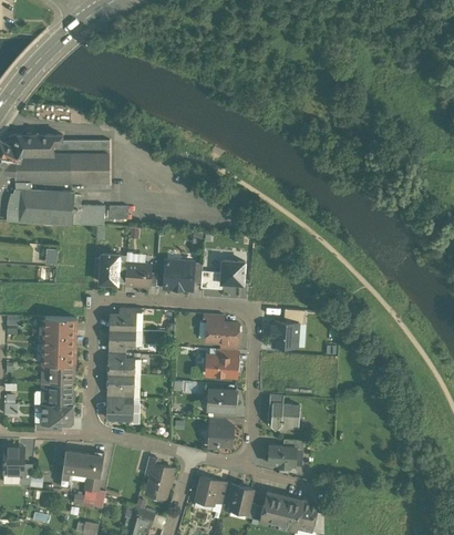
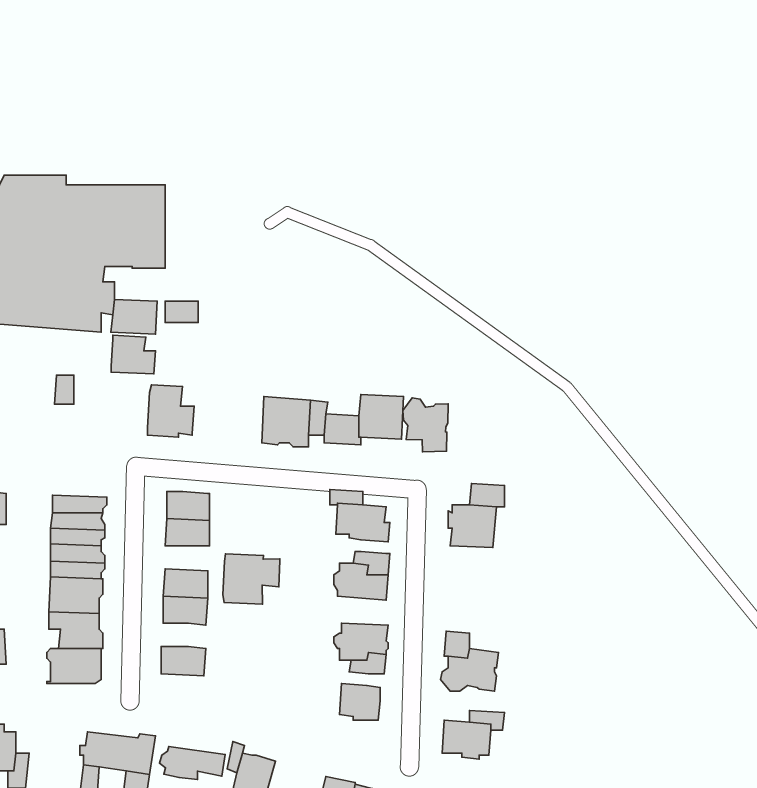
building: none -> [403,398,448,452]
building: [124,264,149,286] -> [111,335,156,374]
building: none -> [223,554,280,604]
building: none -> [160,746,225,780]

